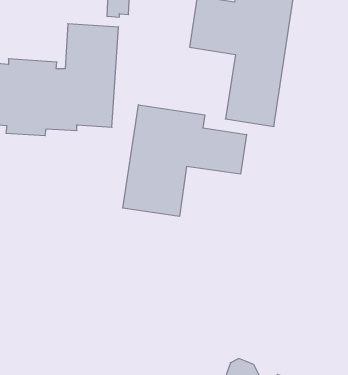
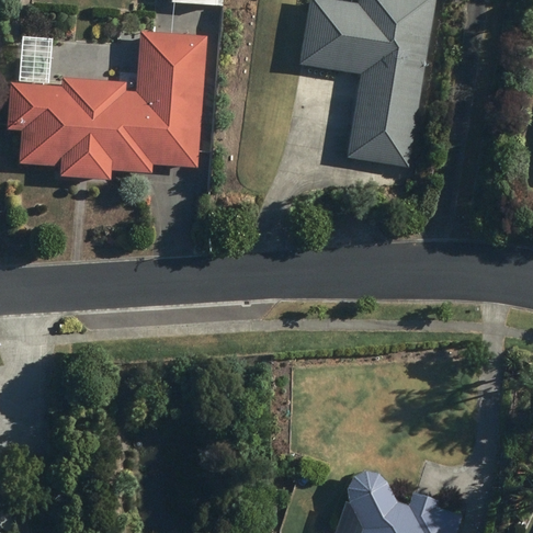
building: [123,105,247,216] -> none

